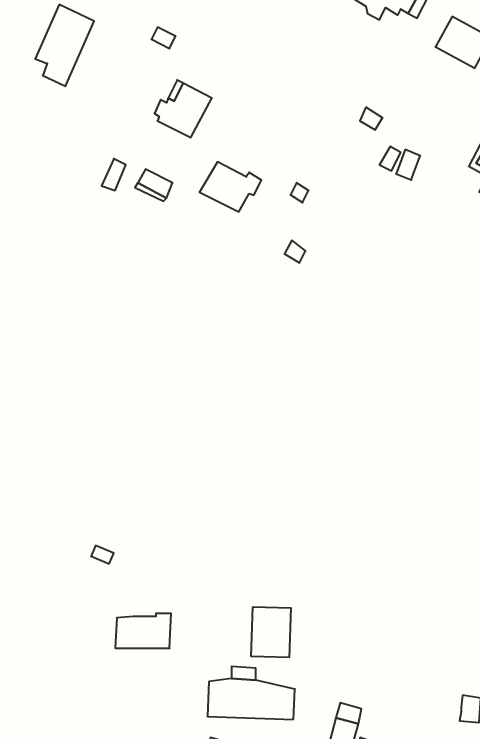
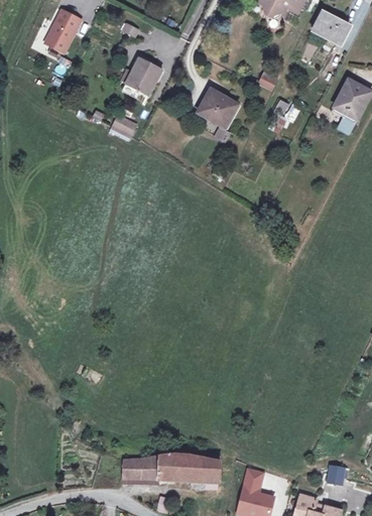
building: [199,162,261,212] -> [196,90,237,123]
building: [251,607,291,657] -> none
building: [115,613,171,648] -> [122,457,159,480]

